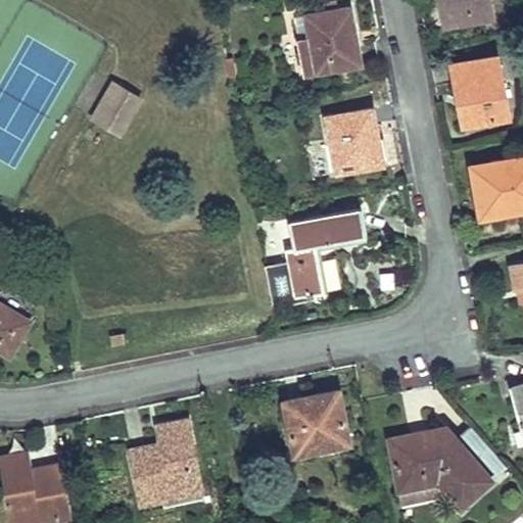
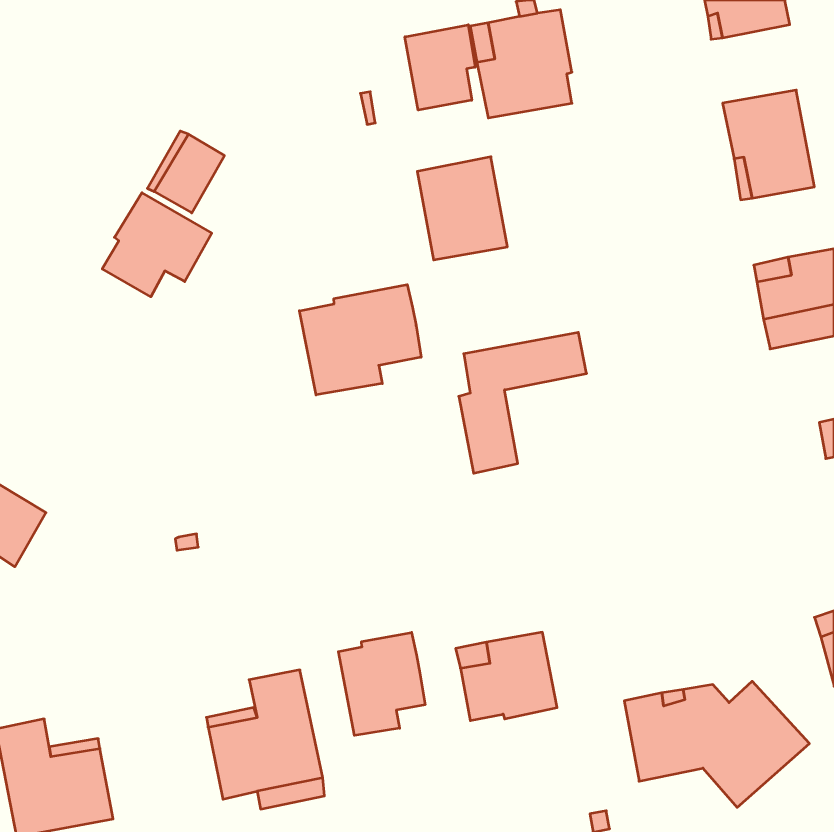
building: none -> [405,25,475,110]
building: [326,110,382,175] -> [417,157,507,260]
building: none -> [102,193,212,297]
building: none -> [299,285,421,395]
building: none -> [338,632,425,735]

